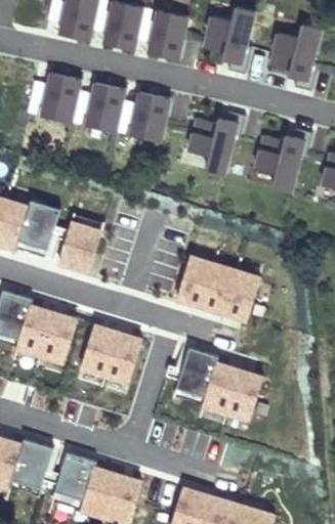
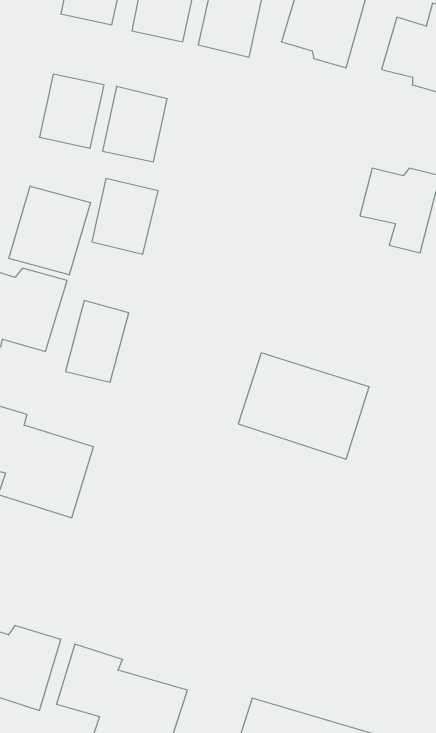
building: [129,92,173,142] -> [92,179,158,254]
building: [185,118,239,174] -> none
building: none -> [9,186,91,275]
building: [77,326,139,386] -> none
building: [174,347,261,424] -> none

